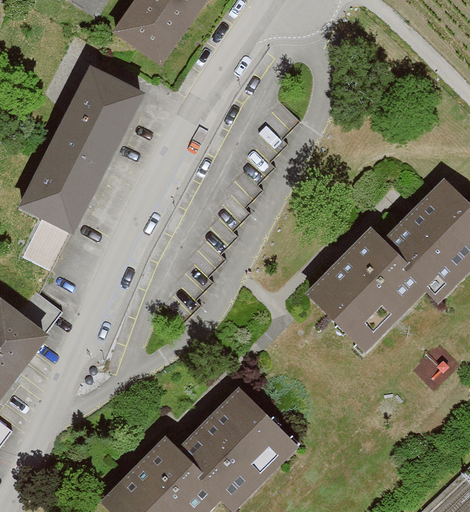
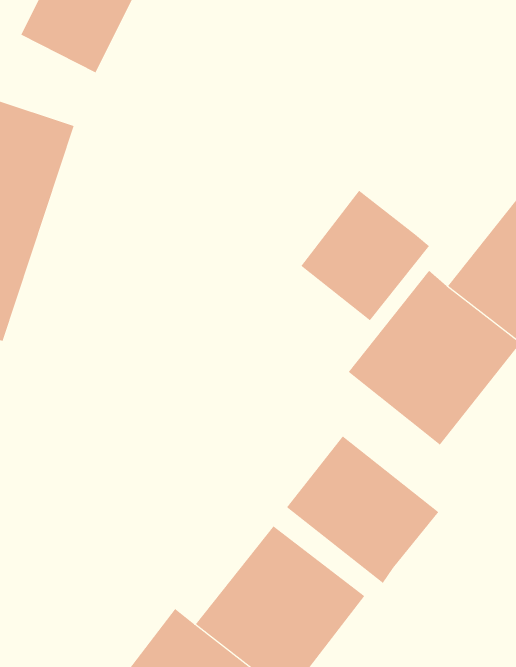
building: none -> [301,190,430,321]
building: none -> [286,436,439,584]

